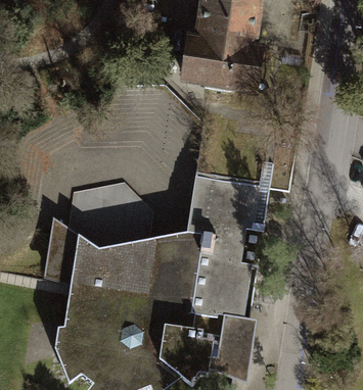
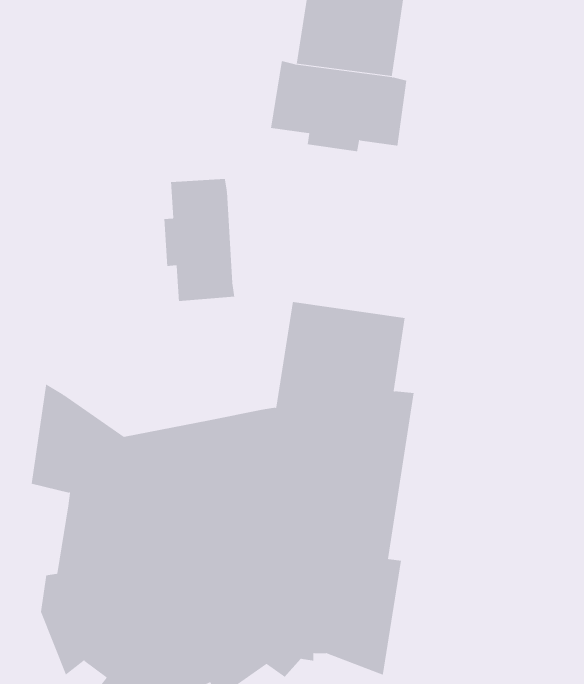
building: none -> [164,178,235,302]

